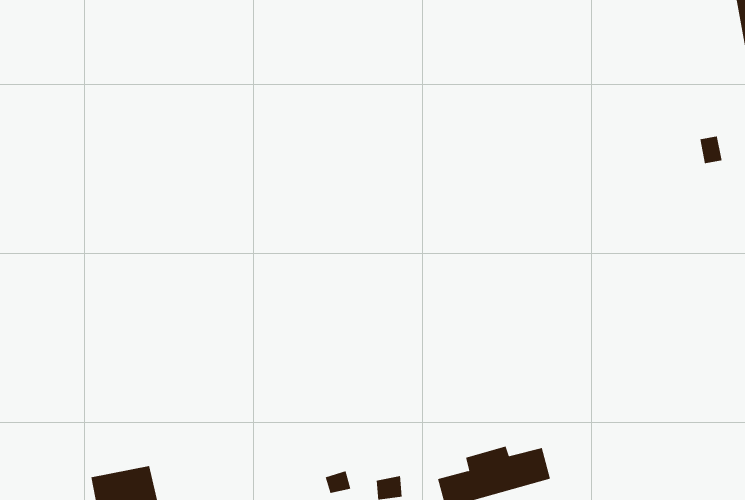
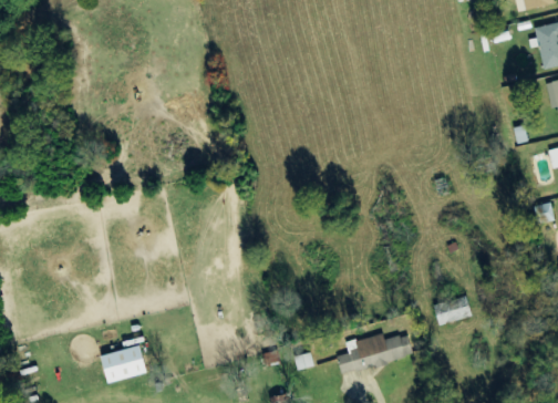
building: none -> [433,294,473,324]

